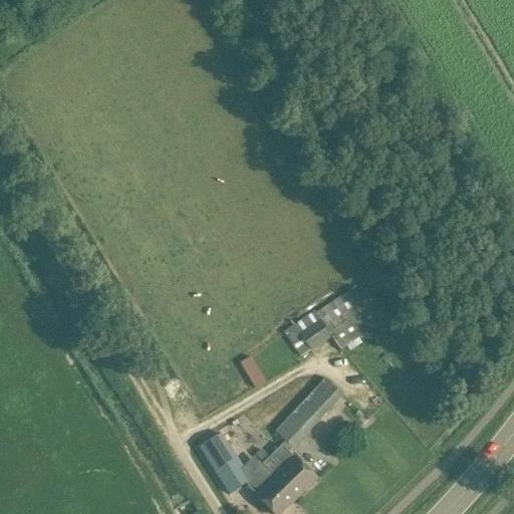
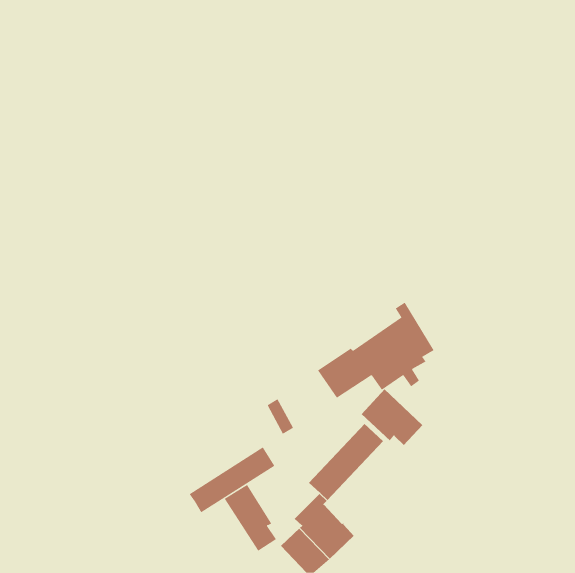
building: none -> [361,389,423,446]
building: none -> [189,447,275,513]

